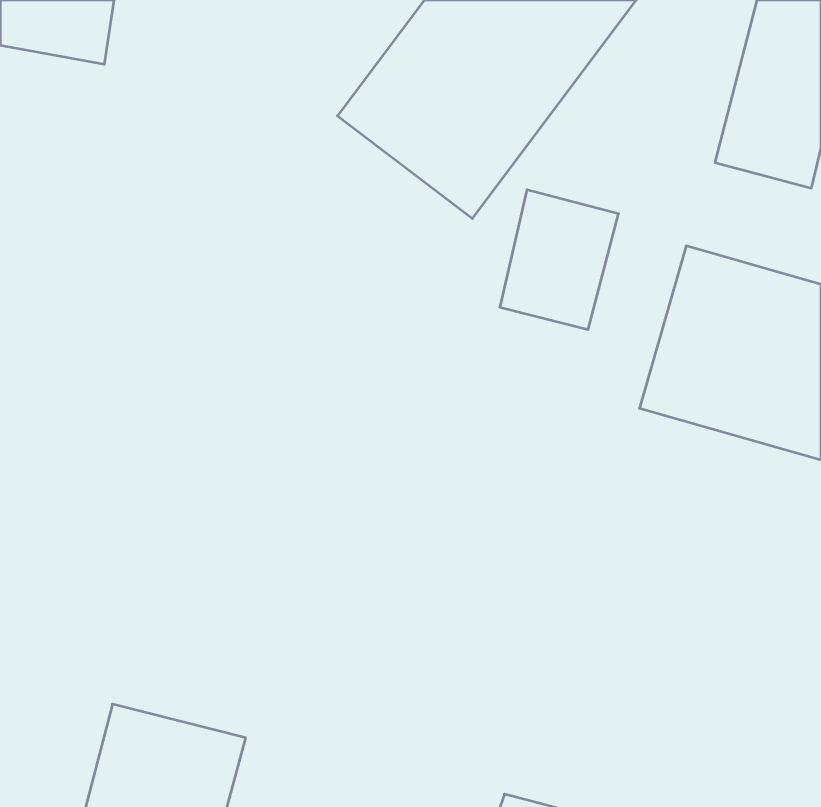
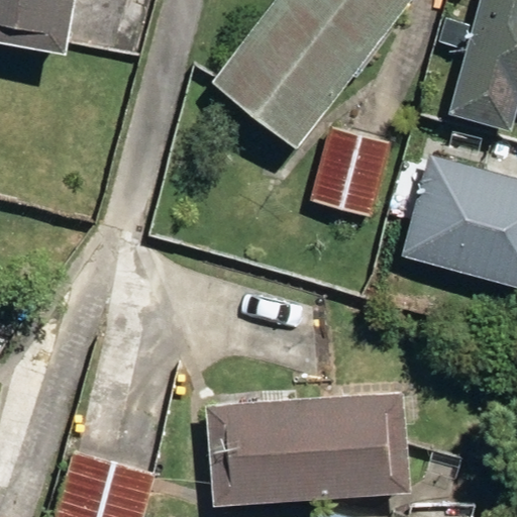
building: none -> [209,392,409,506]

